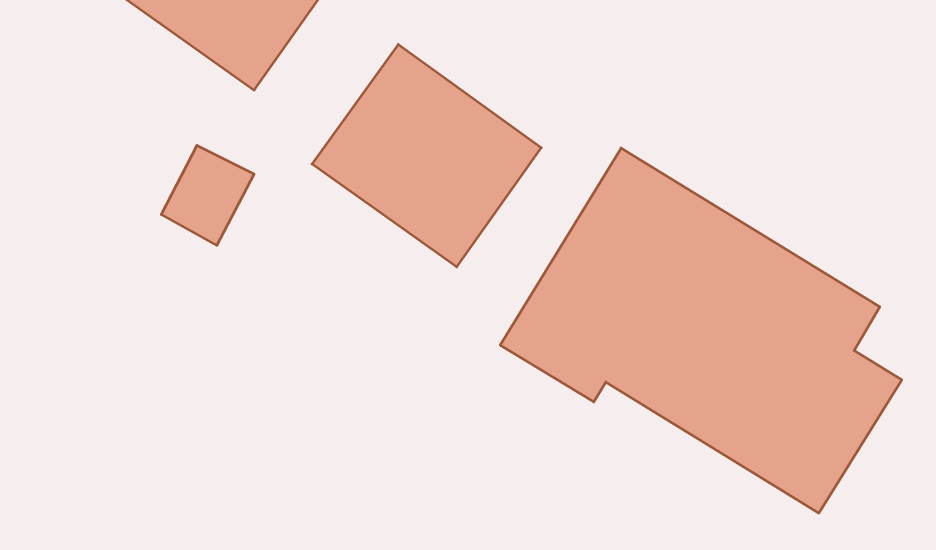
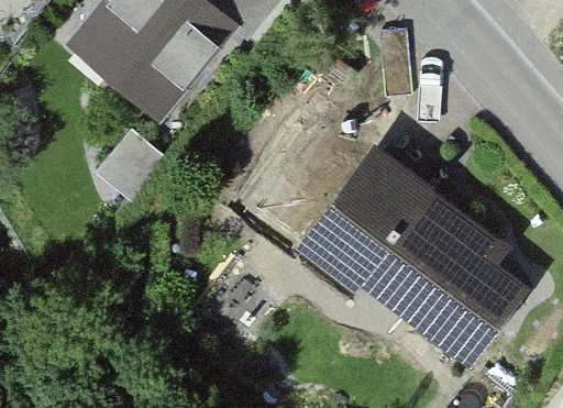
building: [312,44,541,267] -> none

